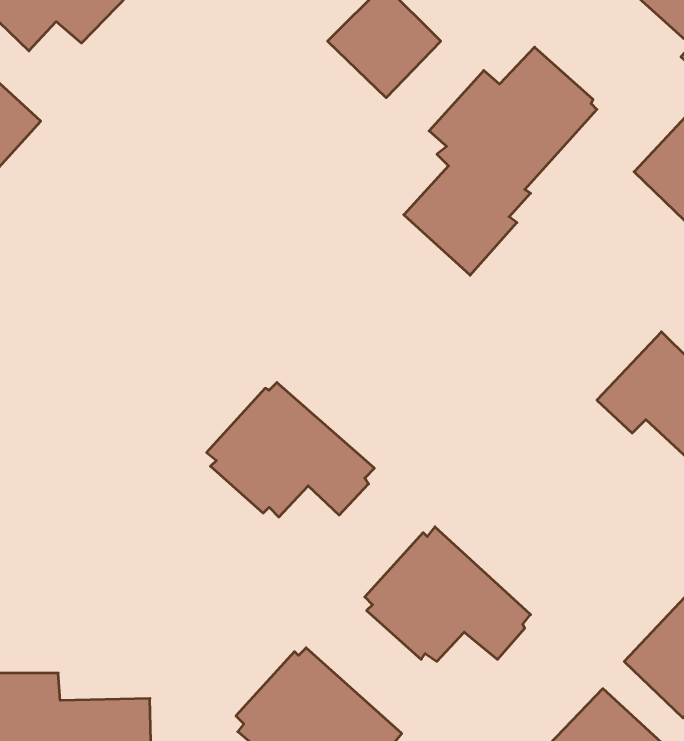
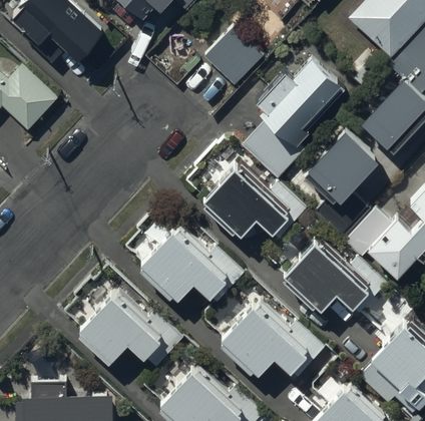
building: none -> [304,129,381,235]
building: none -> [205,165,291,235]
building: none -> [285,241,370,311]
building: none -> [77,293,162,363]

